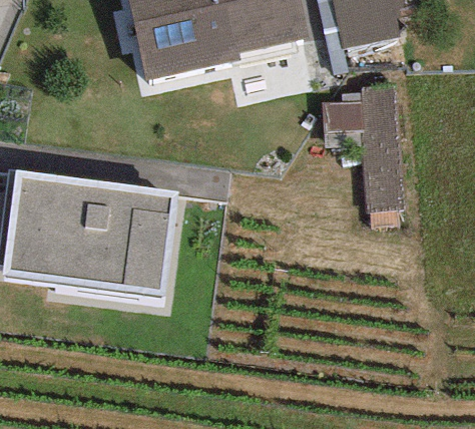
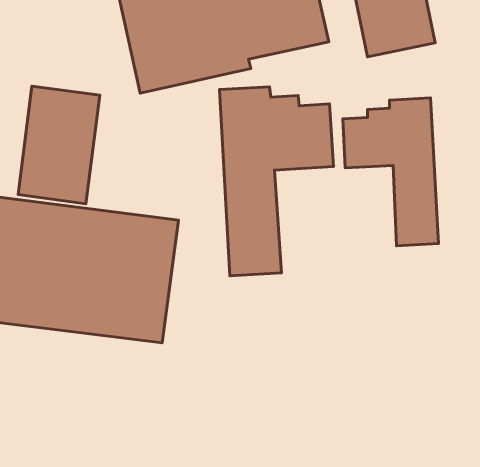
building: none -> [18,86,100,204]
building: none -> [219,87,333,276]

